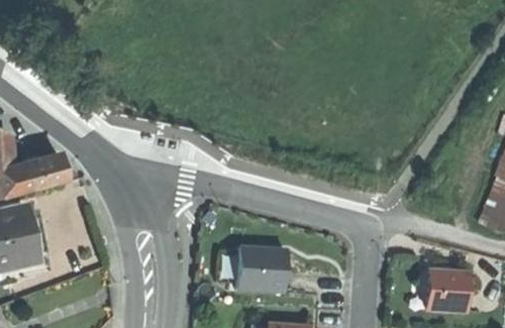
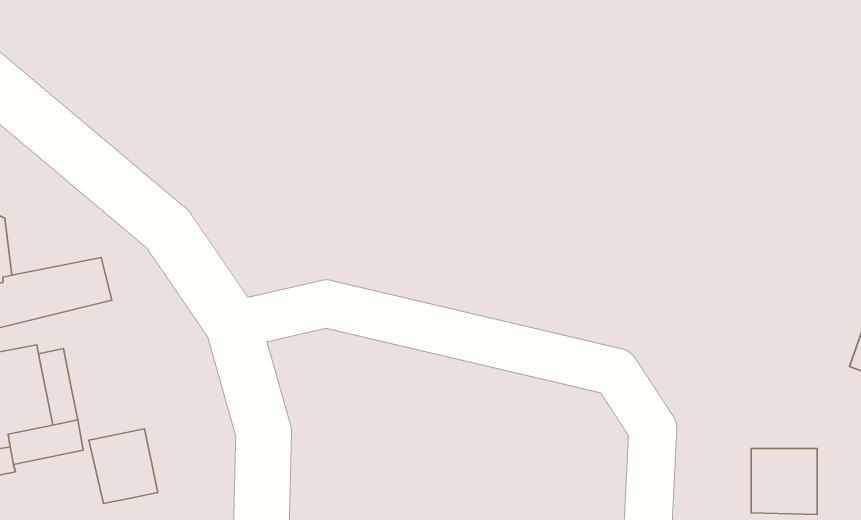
building: [235,246,285,290] -> none
building: none -> [89,429,158,504]

